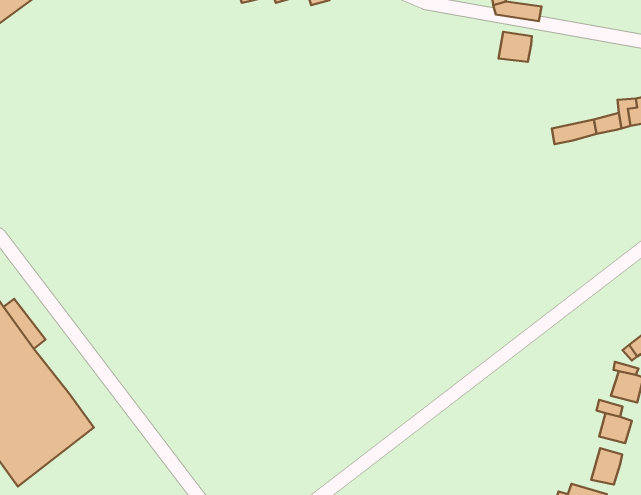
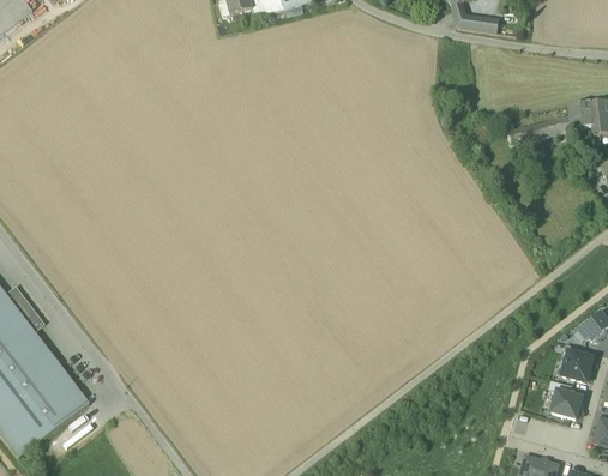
building: [499,32,532,62] -> none
building: [591,448,622,484] -> none

